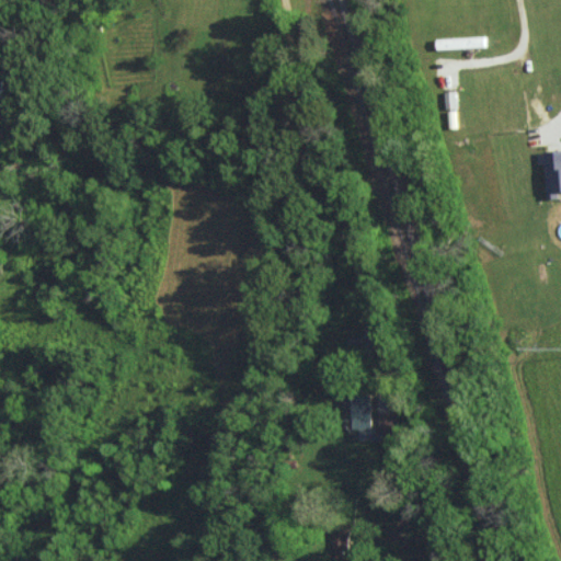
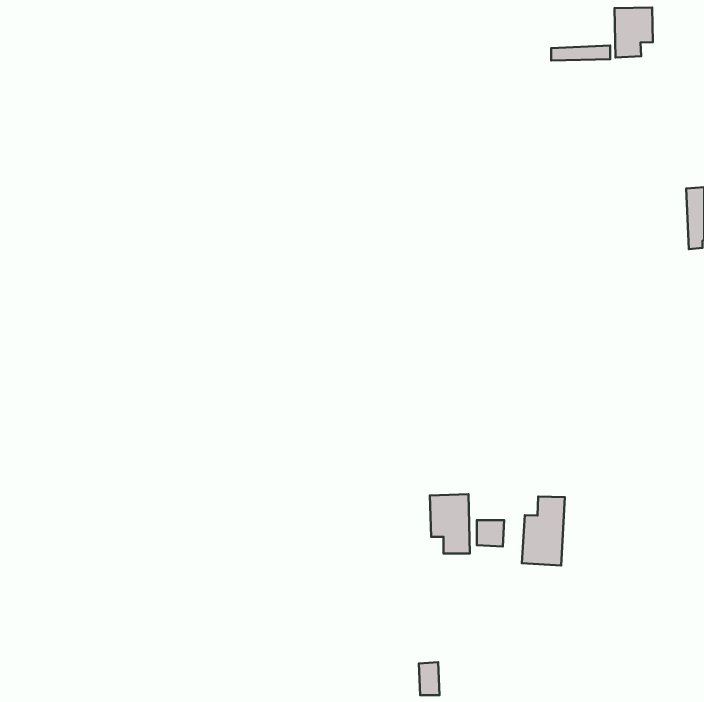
building: none -> [614,8,653,57]
building: none -> [522,496,565,566]

